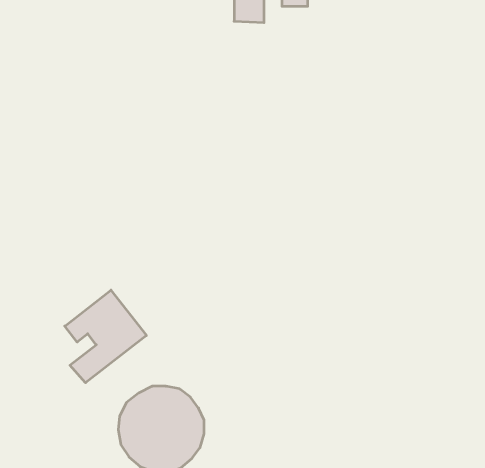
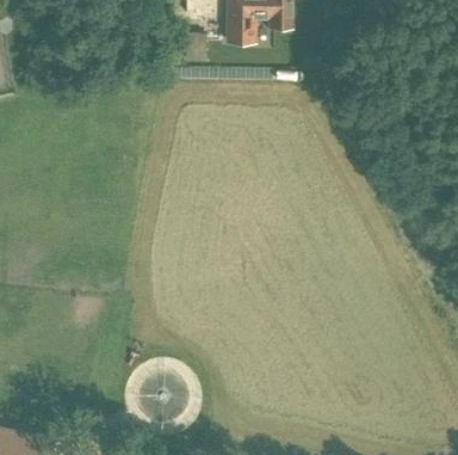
building: [65,290,146,383] -> none

